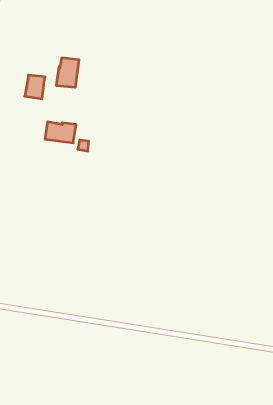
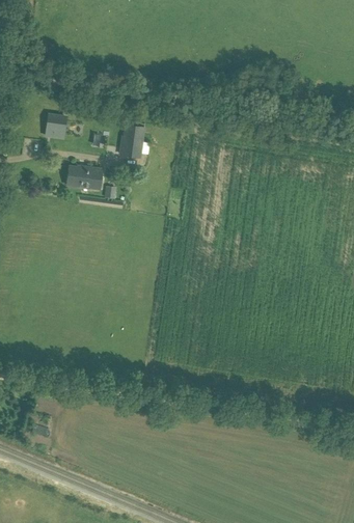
building: [56,58,79,87] -> [118,125,144,158]

